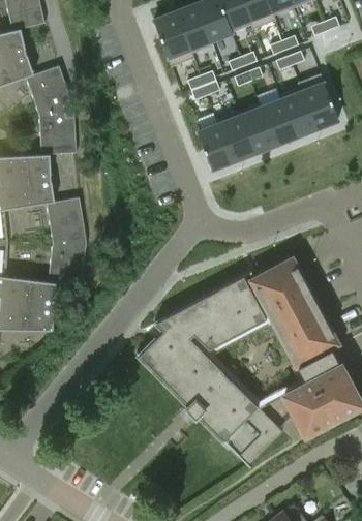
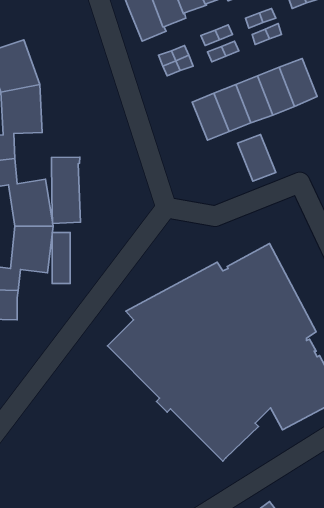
building: [198,124,234,168] -> [238,135,276,181]
building: none -> [51,157,81,224]
building: none -> [52,232,70,283]

